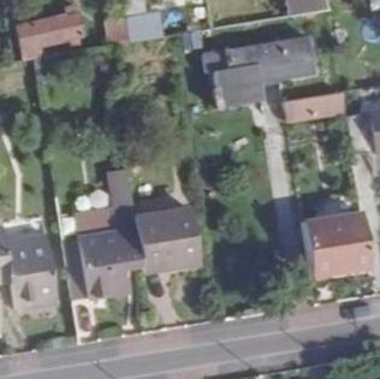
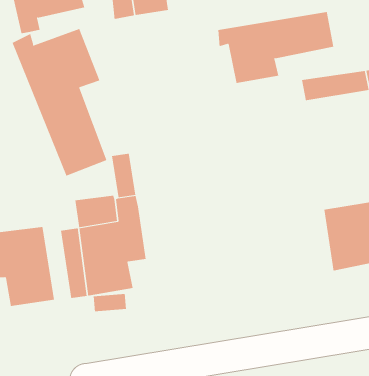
building: none -> [12,28,107,176]
building: [135,206,200,271] -> none

